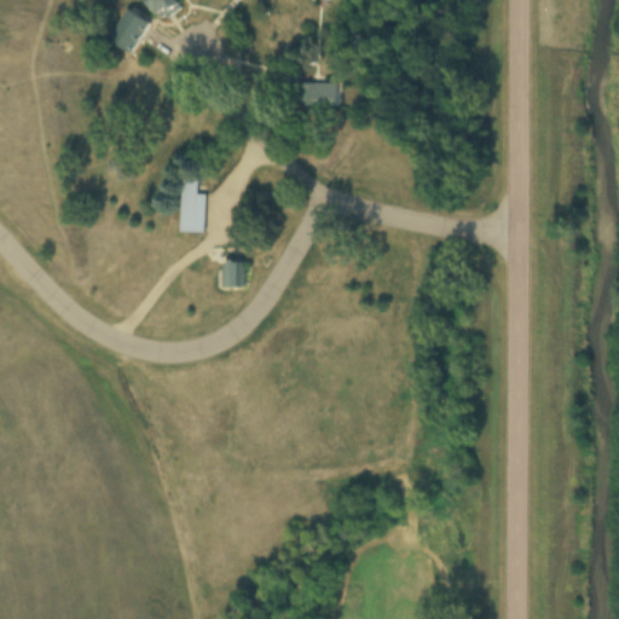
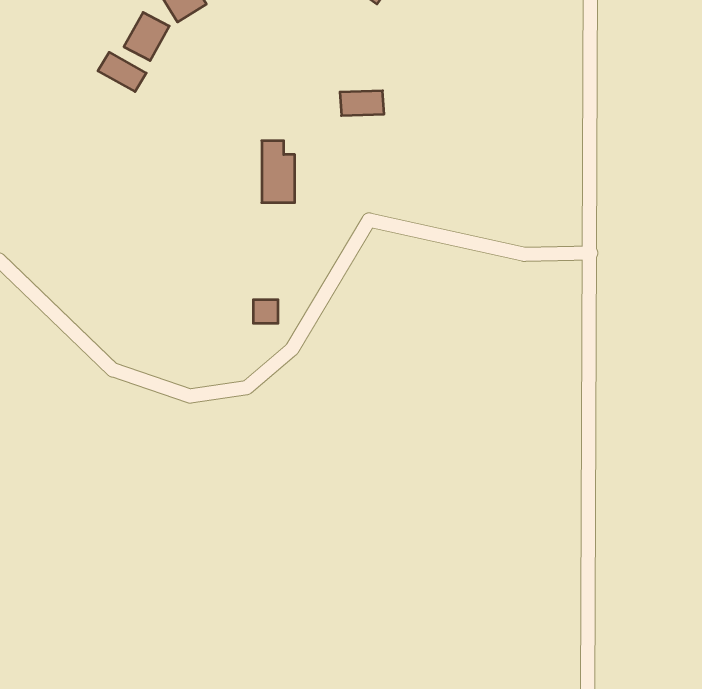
building: none -> [98,52,146,92]
building: [177,178,206,232] -> [262,141,295,203]

